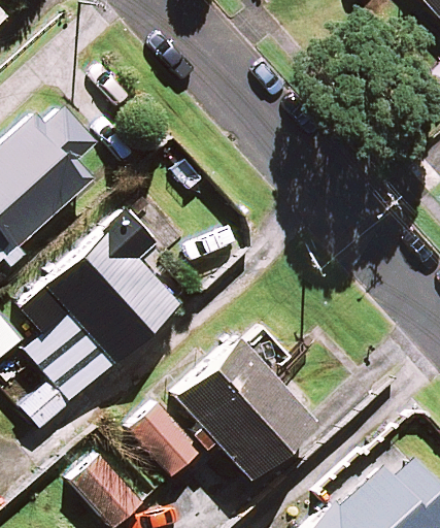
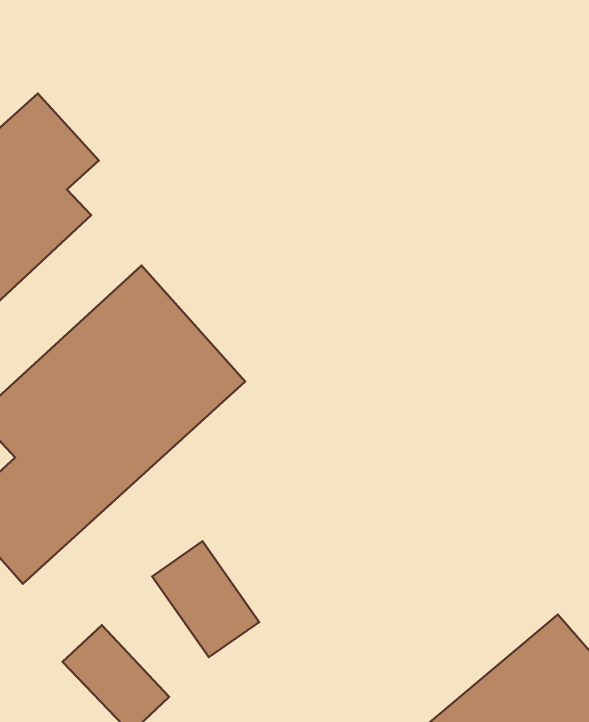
building: [172,338,311,480] -> none

